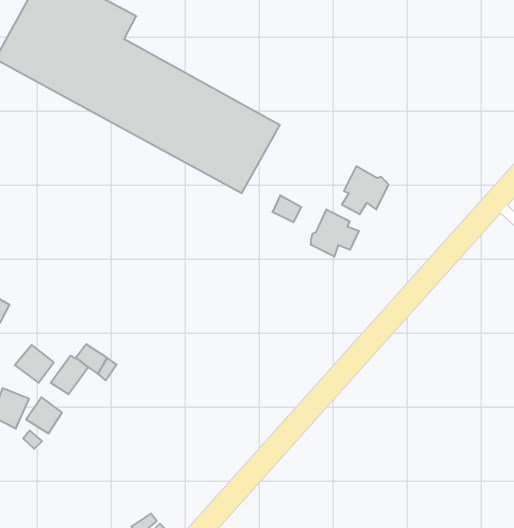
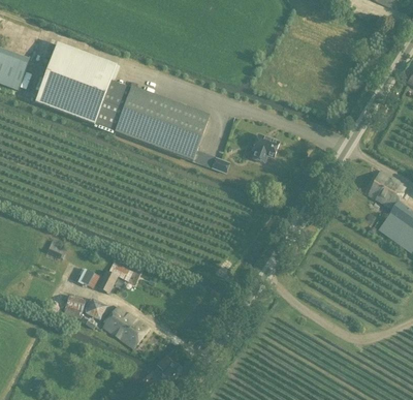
building: [311,209,359,257] -> none
building: none -> [102,306,149,348]

